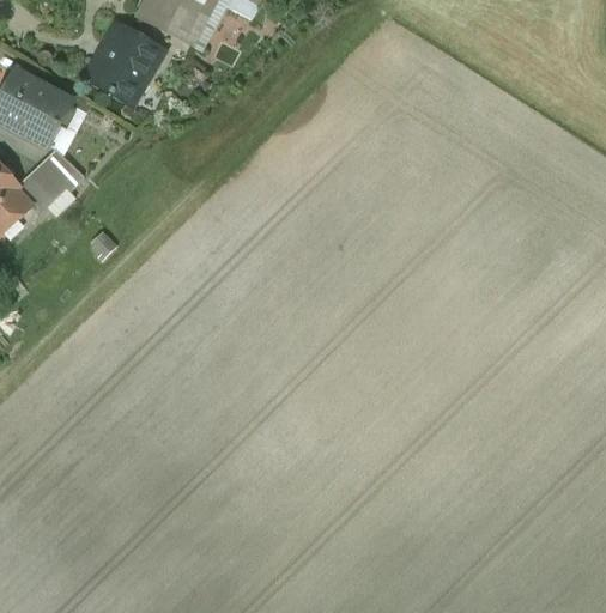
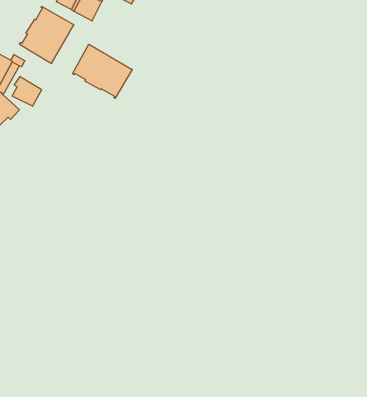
building: none -> [72,44,132,98]
building: none -> [12,76,42,106]

